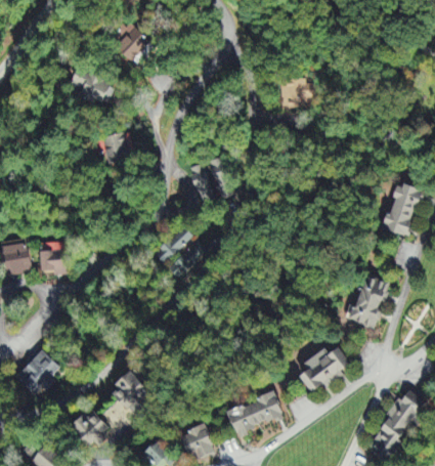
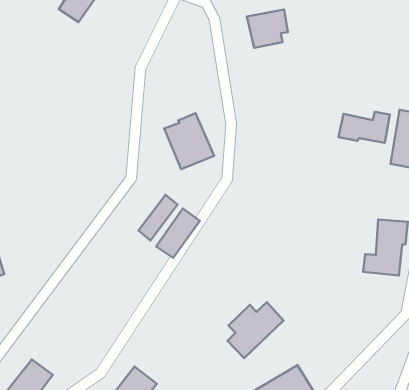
building: [67,68,113,101] -> none
building: [99,131,128,164] -> none
building: none -> [339,112,390,143]
building: [38,241,62,273] -> none
building: [300,347,352,393] -> [227,302,284,358]

